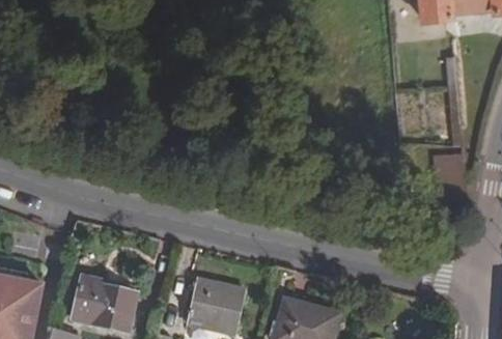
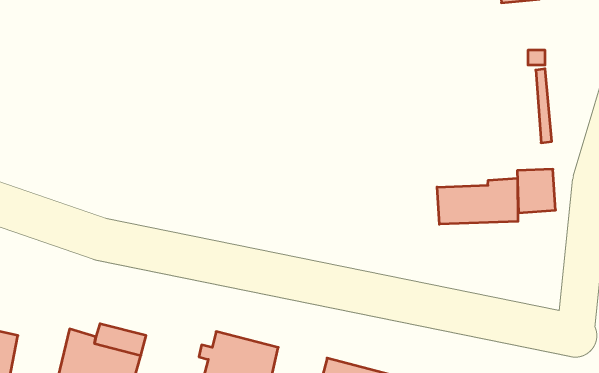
building: none -> [437,178,518,224]

